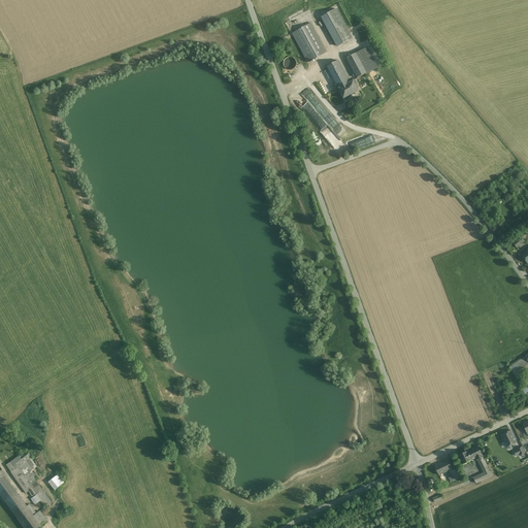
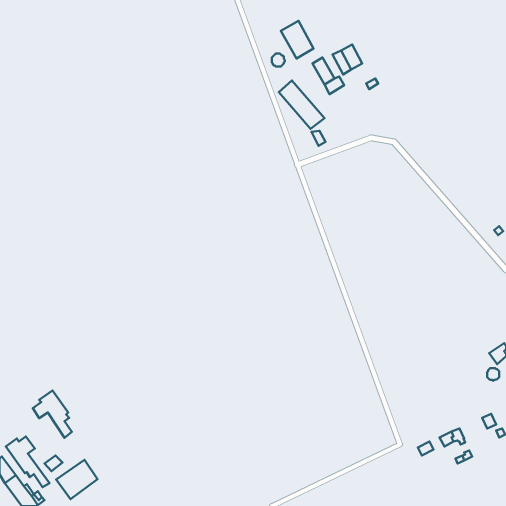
building: [321,8,351,45] -> none
building: none -> [33,391,72,438]
building: none -> [56,460,98,499]

